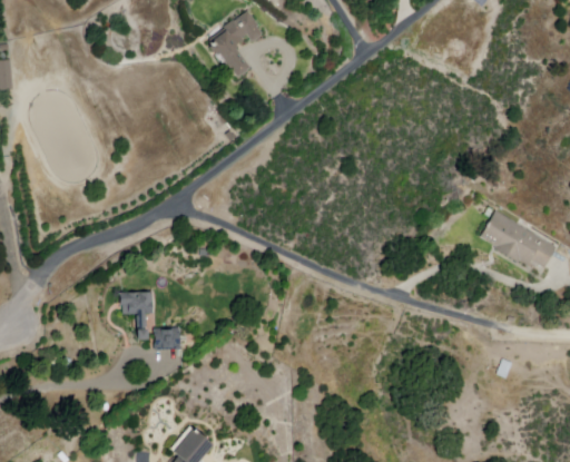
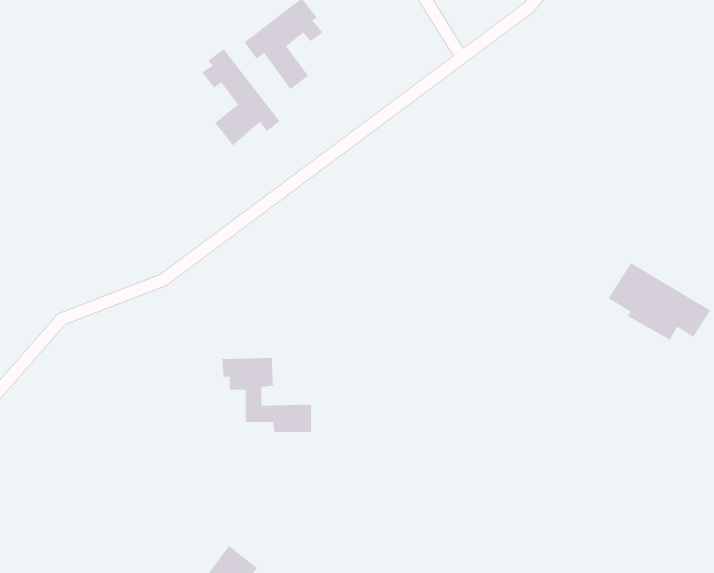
building: none -> [201,48,280,146]
building: [116,291,185,348] -> [222,357,312,433]

